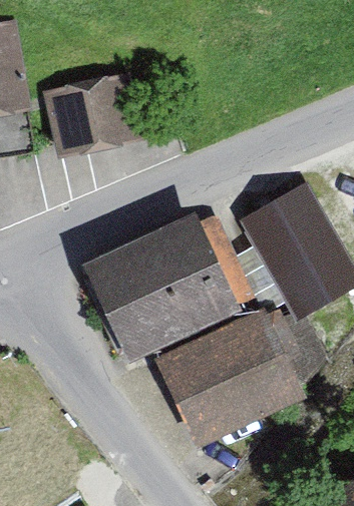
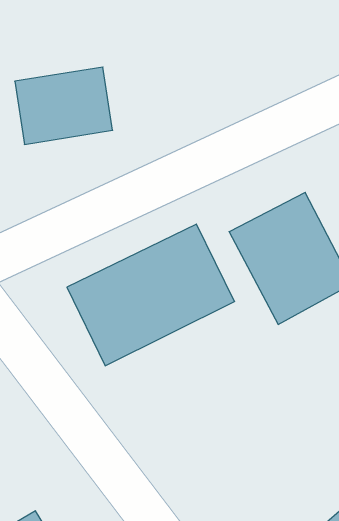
building: [159,317,297,439] -> none

